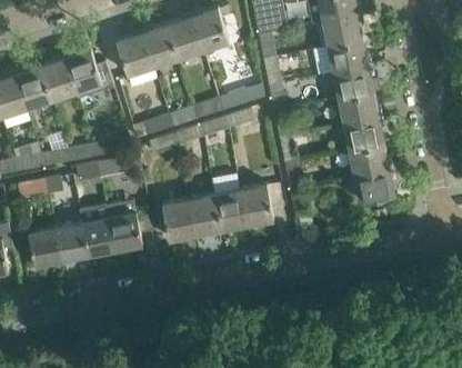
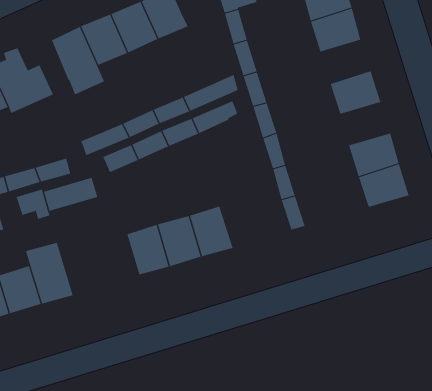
building: [332,67,379,100] -> none
building: [343,119,383,151] -> none
building: [239,186,272,226] -> none
building: [104,201,152,251] -> none

